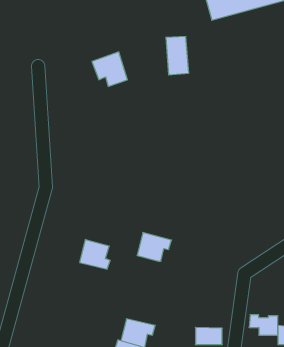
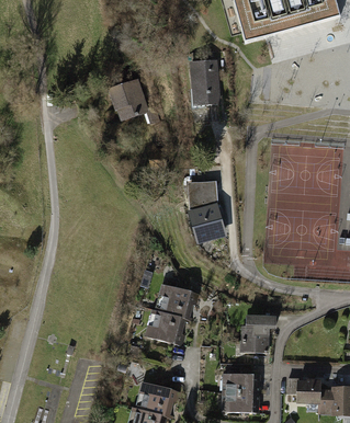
building: none -> [188,181,226,240]
building: [80,239,110,269] -> [149,309,184,343]
building: none -> [242,317,274,351]
building: none -> [226,373,258,393]

